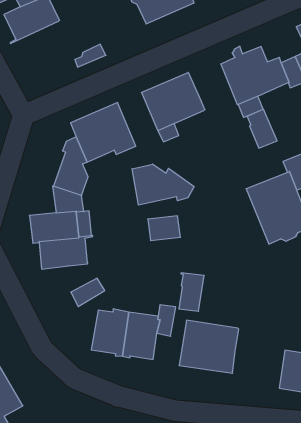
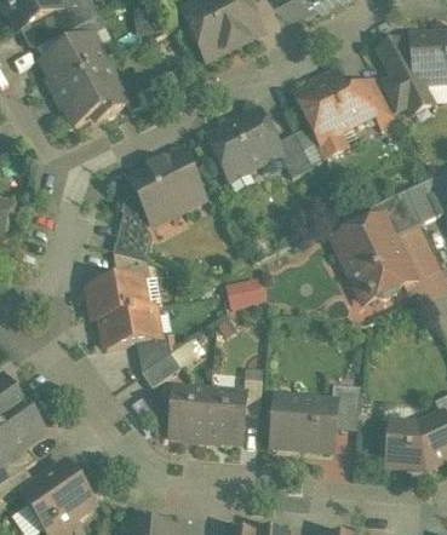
building: none -> [53,63,127,122]
building: [247,109,277,148] -> [276,133,313,178]
building: [132,164,194,205] -> none
building: none -> [137,334,171,372]
building: [179,273,204,311] -> [334,385,361,427]

